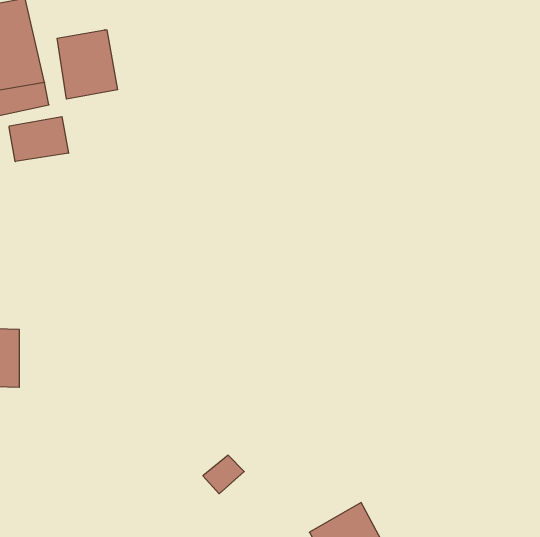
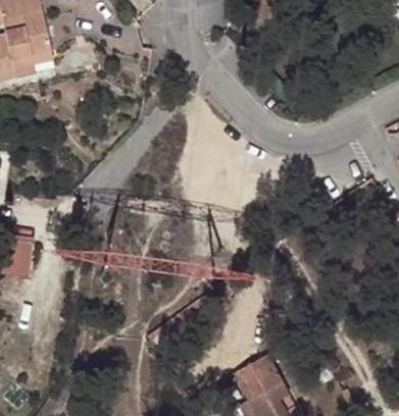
building: [57,30,118,99] -> none
building: [9,117,69,162] -> none

